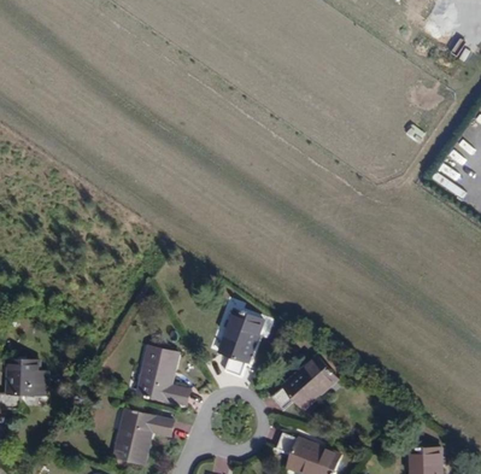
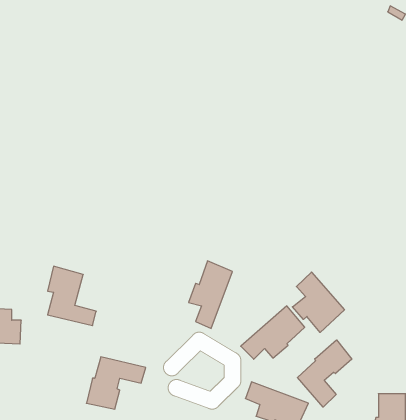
building: none -> [292,272,344,332]
building: [143,346,193,406] -> [48,266,96,326]
building: none -> [297,340,352,407]

